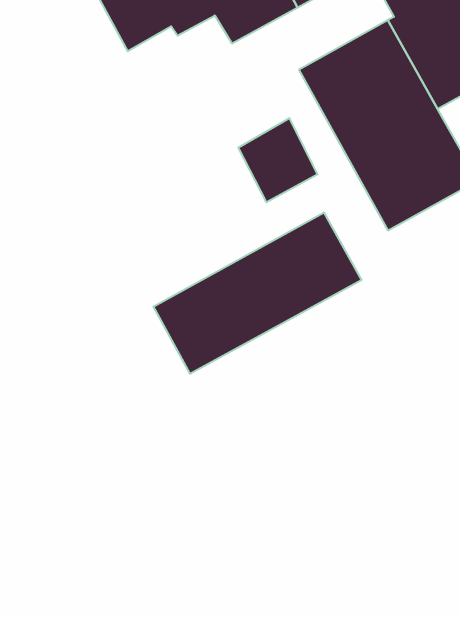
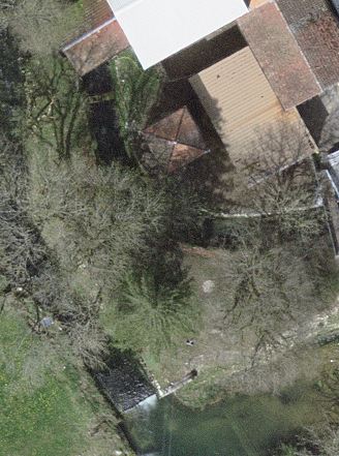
building: [153,212,361,374] -> none

